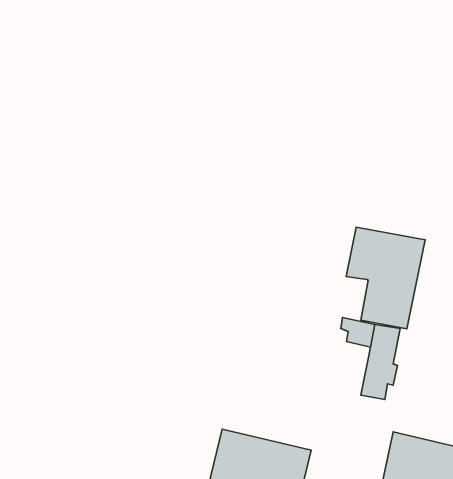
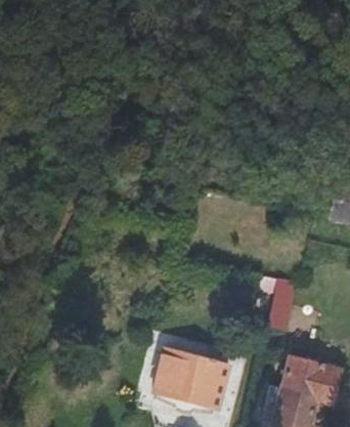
building: [346,227,425,329] -> none

